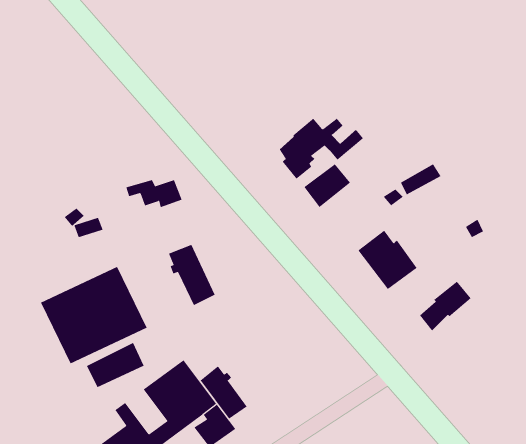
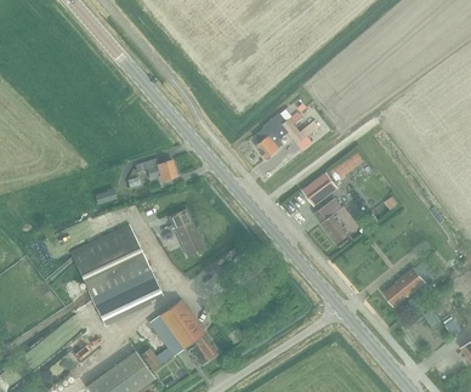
building: [304,164,351,208] -> [302,172,339,206]
building: [419,281,471,331] -> [385,267,425,306]
building: [200,365,247,420] -> none

